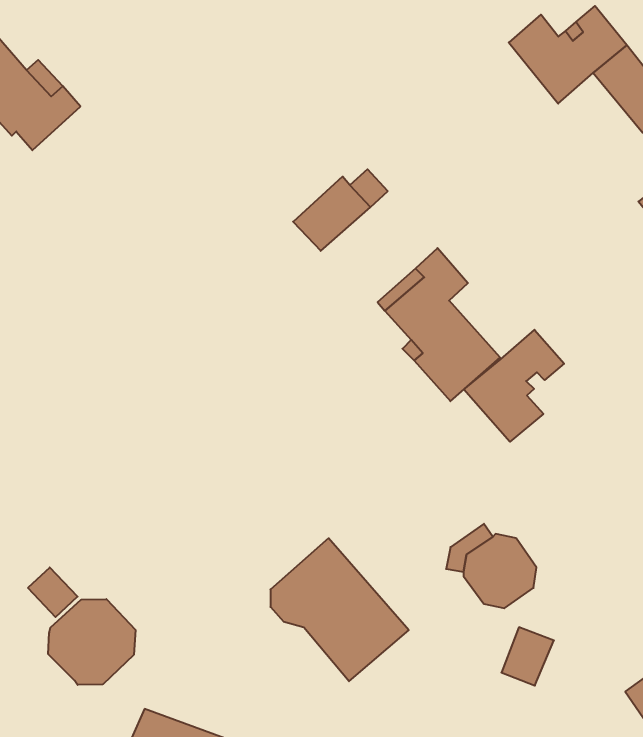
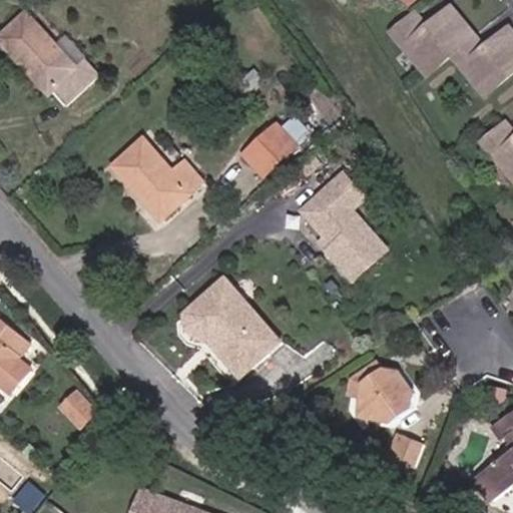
building: none -> [111,138,201,218]
building: [464,330,564,442] -> none
building: [270,538,409,681] -> [188,279,284,377]
building: [48,599,136,685] -> none

